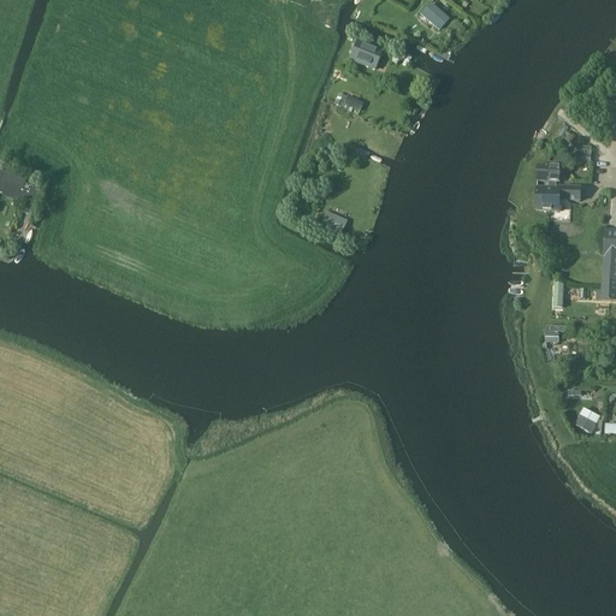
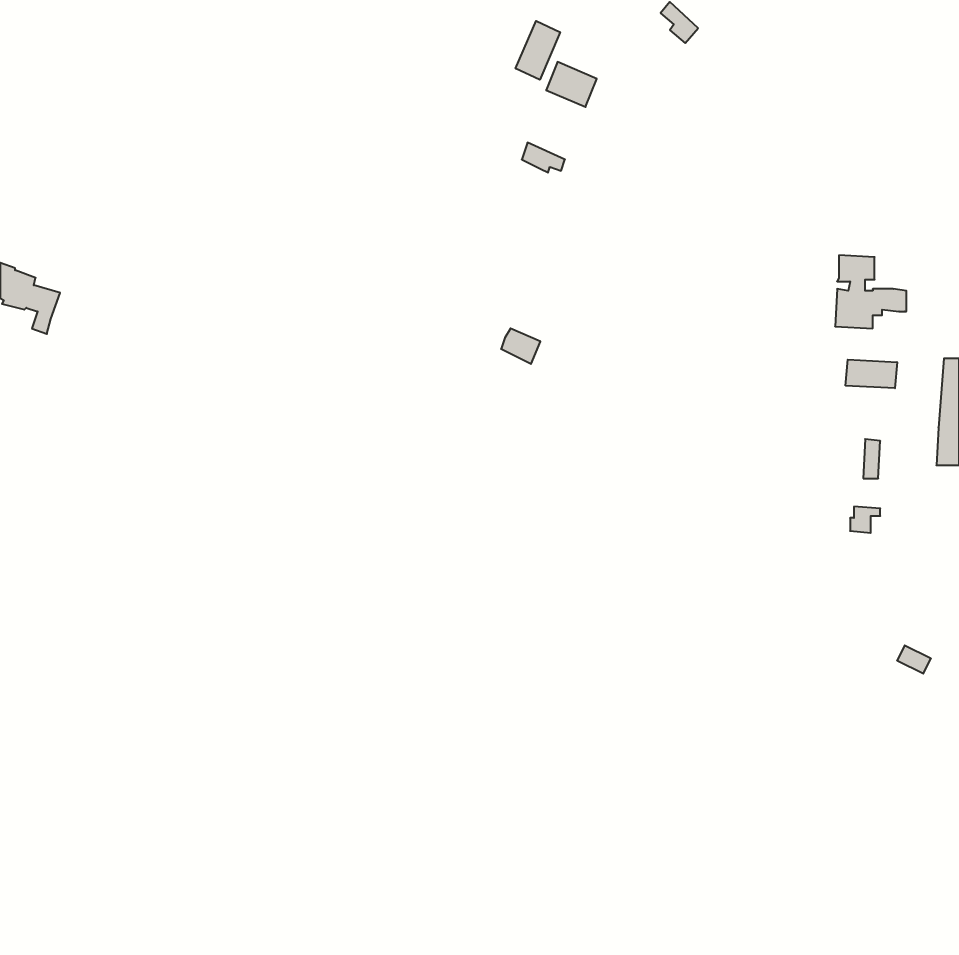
building: none -> [516,21,560,80]
building: none -> [846,360,897,388]

